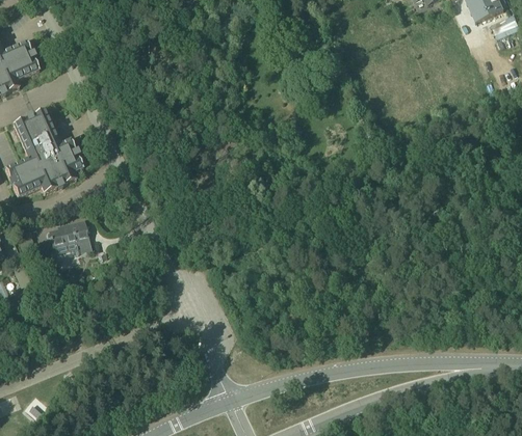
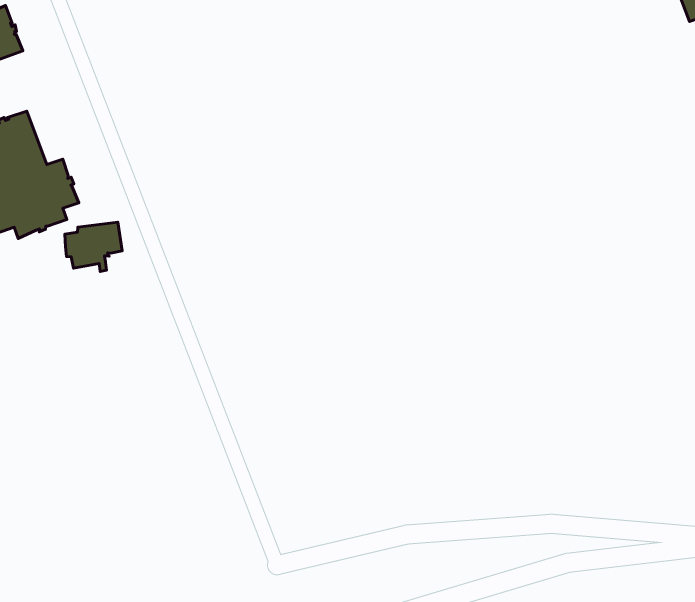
building: [48,220,86,253] -> [65,222,122,271]

